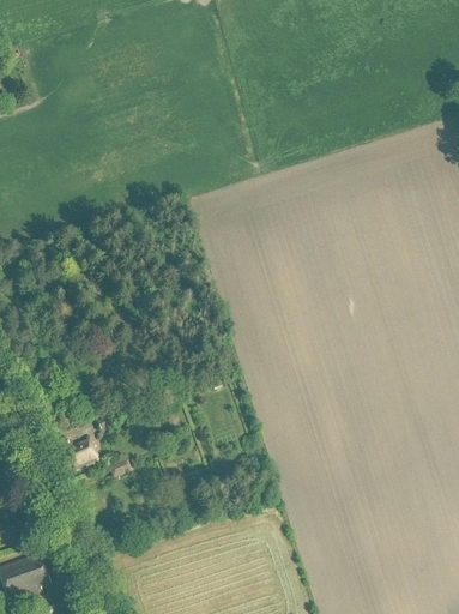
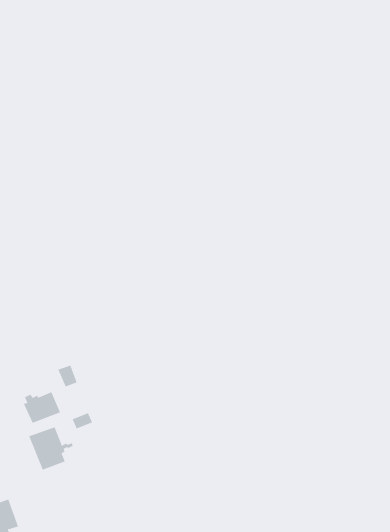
building: none -> [29,427,73,471]

